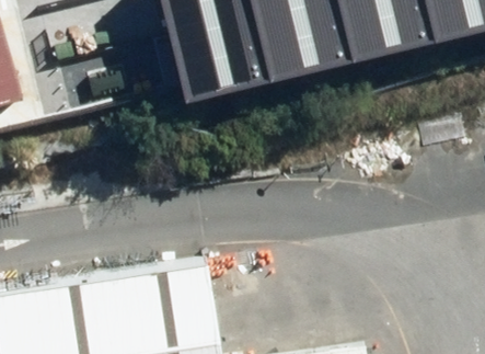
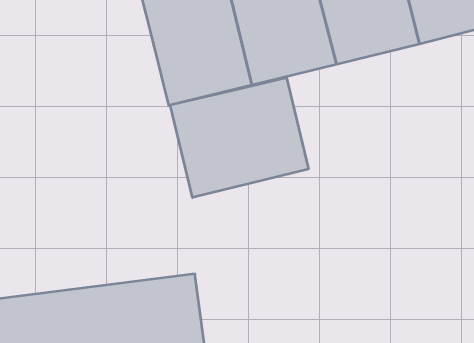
building: none -> [170,78,308,198]

